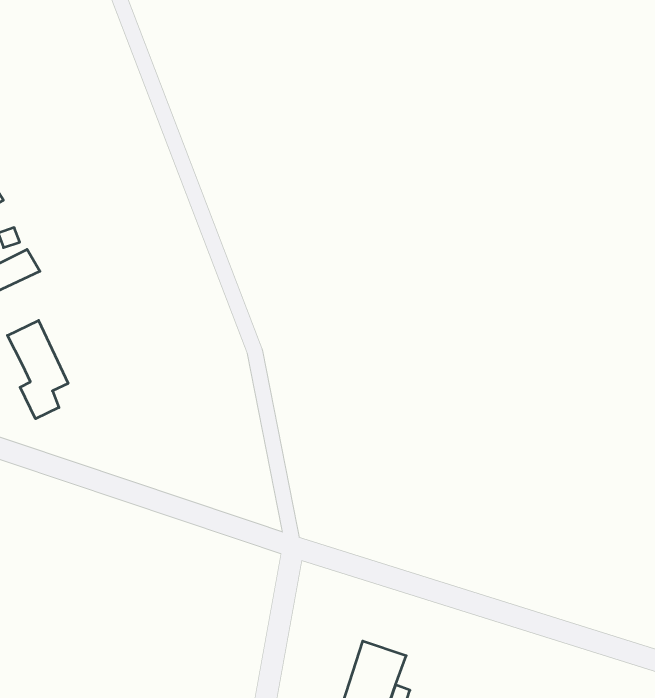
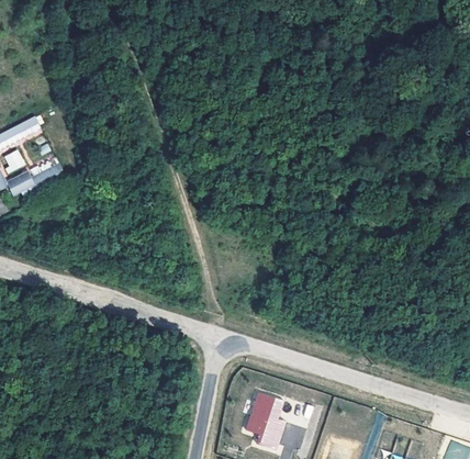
building: [7,320,68,419] -> none

